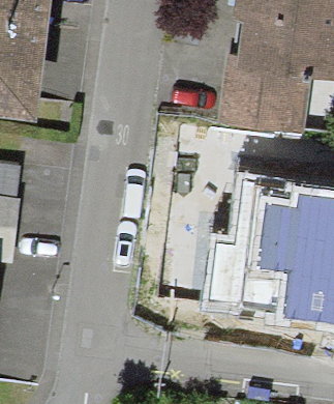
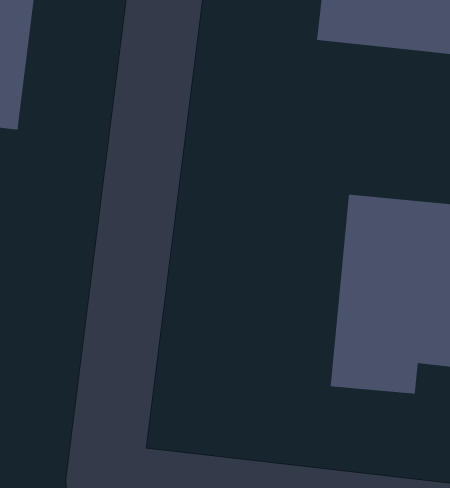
building: [220,62,304,133] -> none

